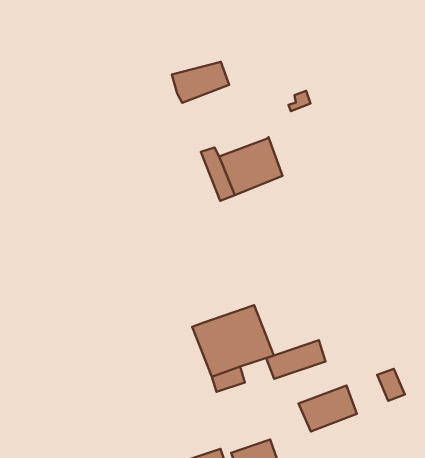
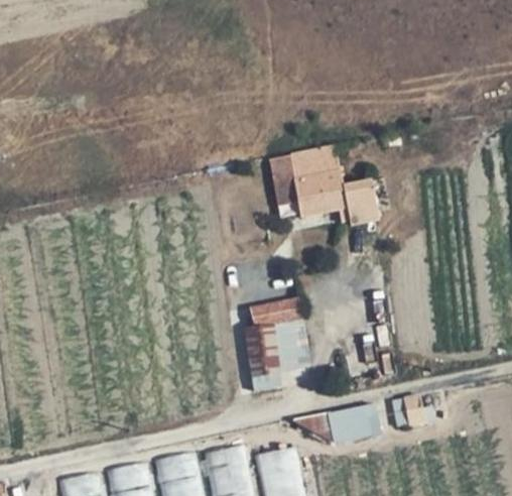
building: [172,62,229,103] -> [286,149,337,180]
building: none -> [342,179,377,226]
building: [266,340,326,379] -> [247,300,300,329]

